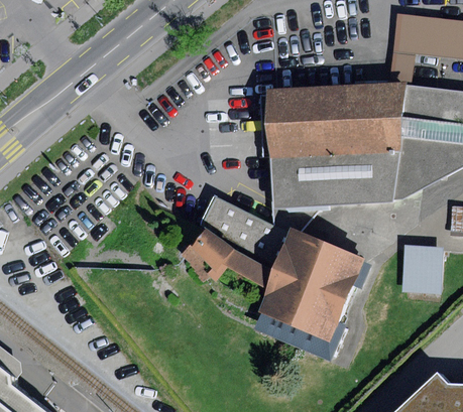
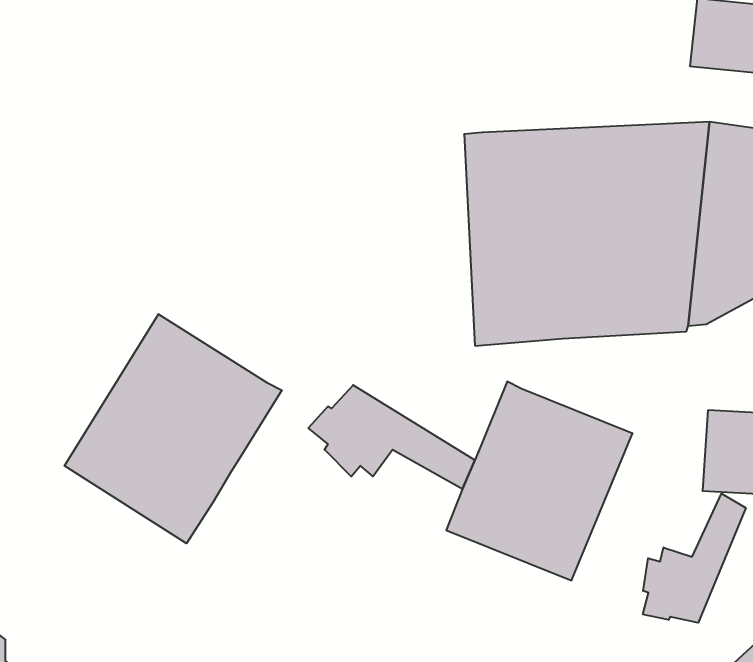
building: none -> [65,314,282,543]
building: [199,195,324,269] -> none
building: none -> [643,494,746,623]

